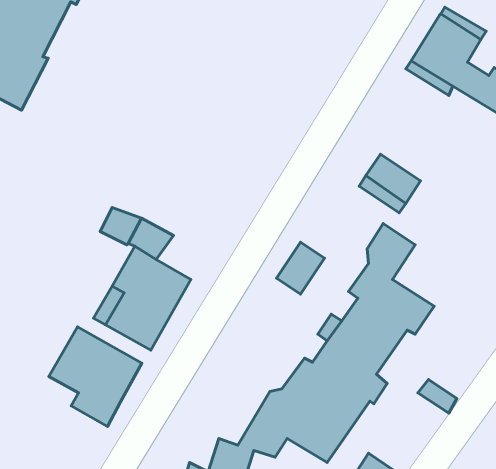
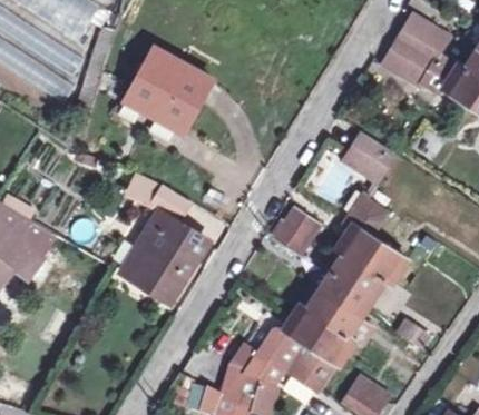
building: none -> [124,46,213,131]
building: [49,327,142,426] -> none

